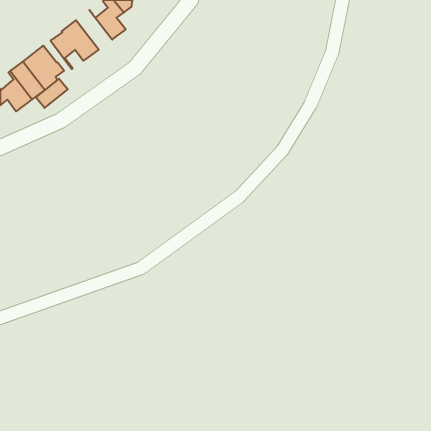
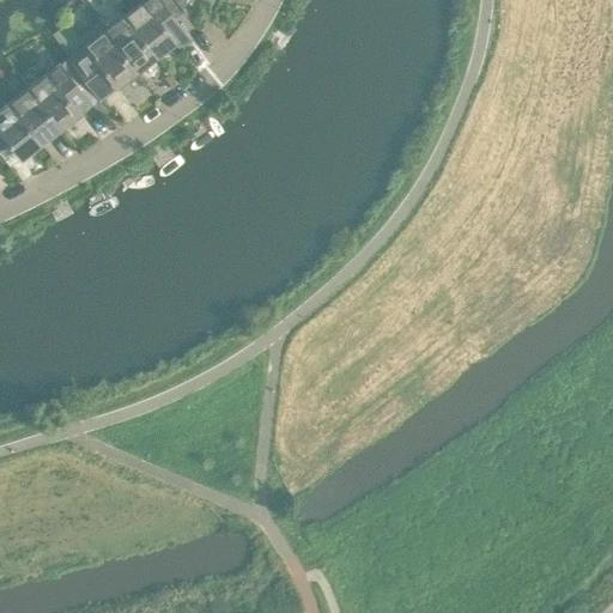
building: none -> [108,14,159,71]
building: [36,79,68,108] -> none

